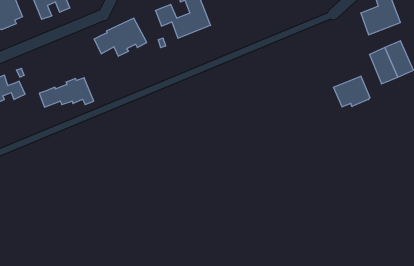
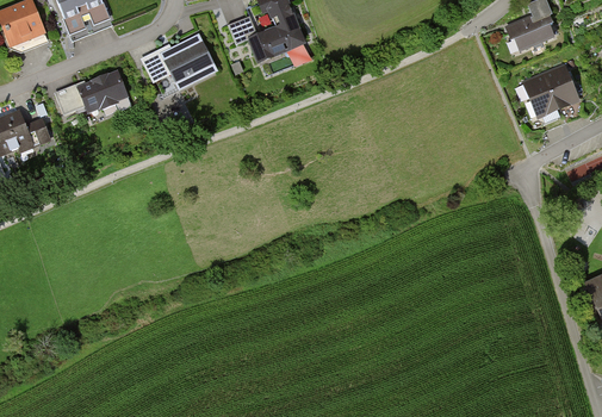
building: [334,76,370,107] -> none
building: [39,78,94,107] -> [55,71,130,112]

